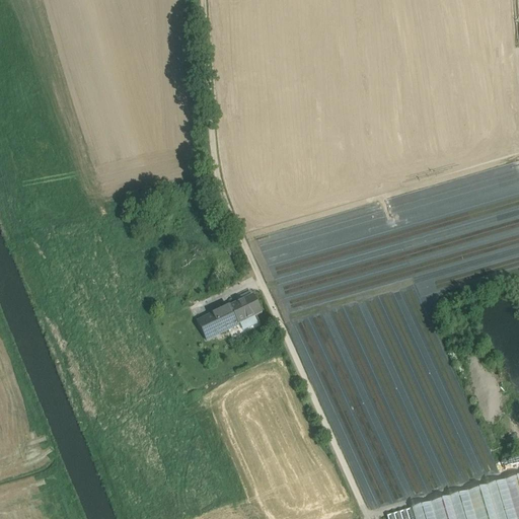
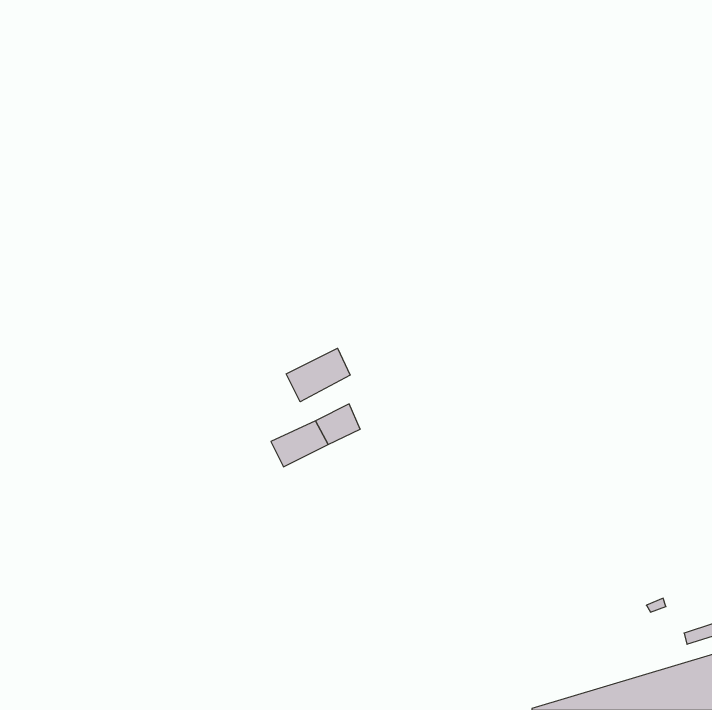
building: none -> [286,348,350,402]

